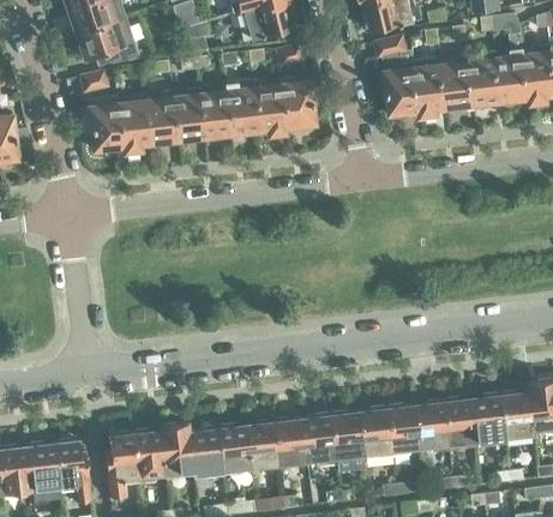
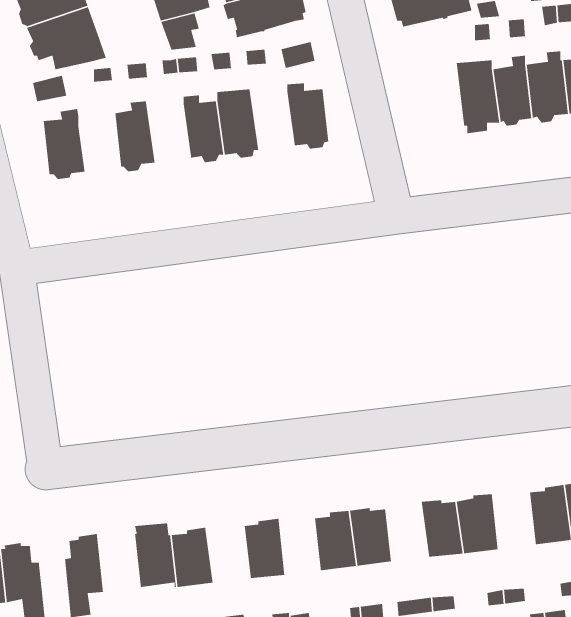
building: [374,37,419,119] -> none
building: [251,80,285,137] -> none
building: [169,90,204,145] -> none
building: [116,95,149,154] -> none
building: [441,399,475,446] -> none
building: [357,408,391,456] -> none
building: [274,420,306,467] -> none
building: [216,426,251,473] -> none
building: [131,432,164,480] -> none

